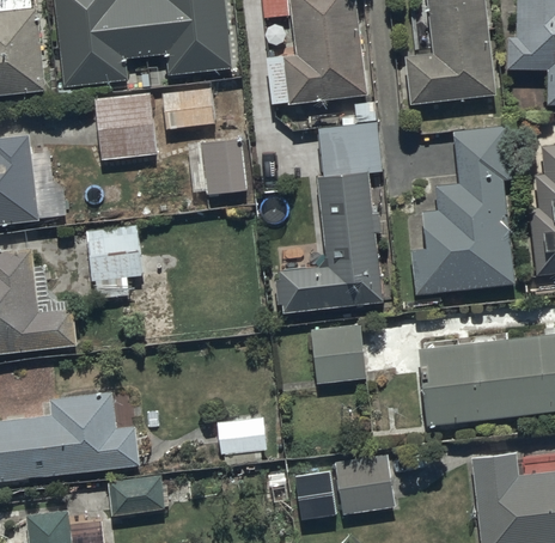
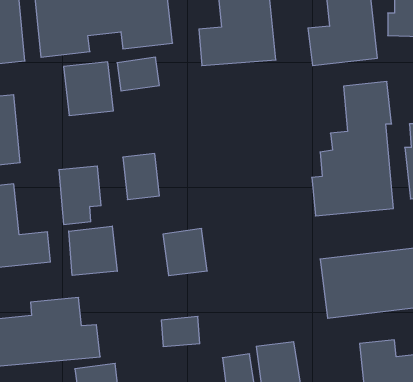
building: [274,102,383,311] -> none
building: [200,140,246,199] -> [123,154,159,200]
building: none -> [69,226,117,275]
building: [311,323,367,383] -> [163,229,207,276]

